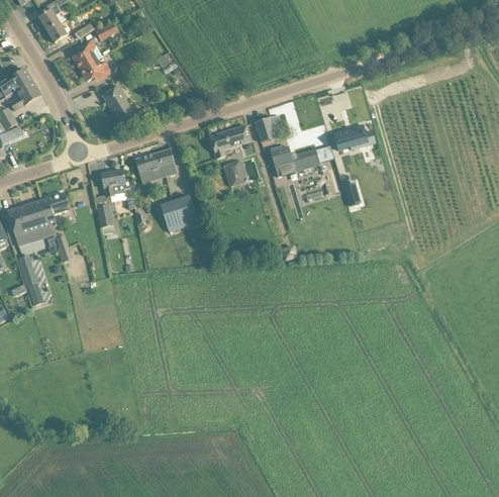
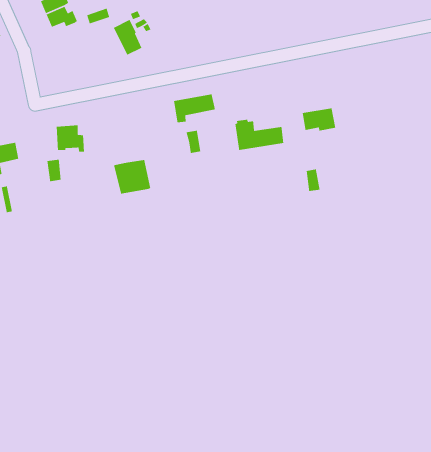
building: [102,85,132,120] -> [113,19,143,56]
building: [254,115,284,141] -> none
building: [134,150,176,182] -> none

